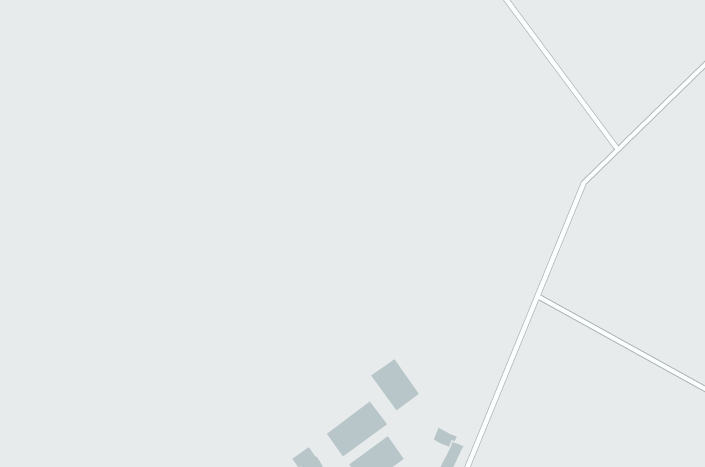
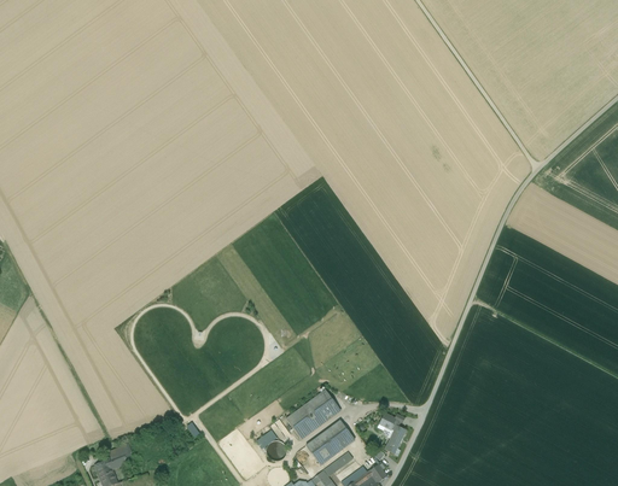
building: [370,358,420,412] -> none

